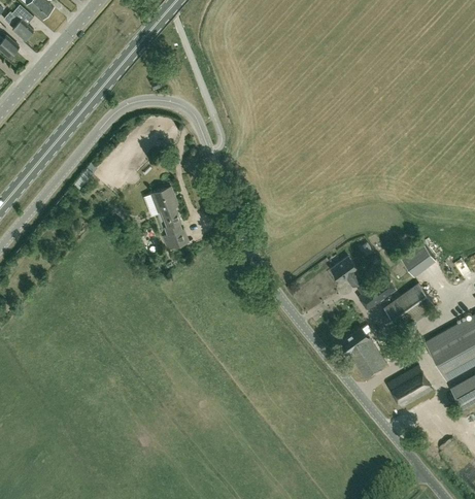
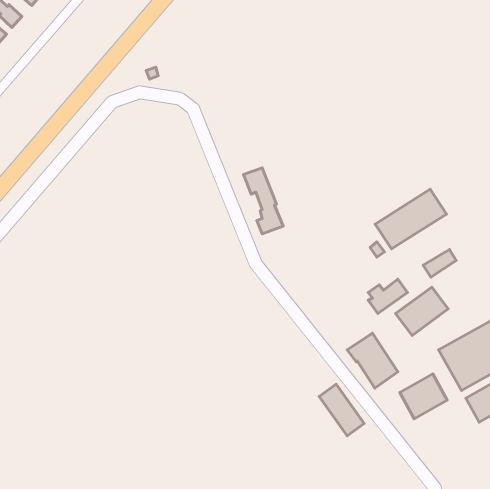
building: [150,189,188,251] -> [244,168,283,234]
building: none -> [375,189,446,249]
building: [332,257,364,287] -> none
building: none -> [319,384,364,436]

